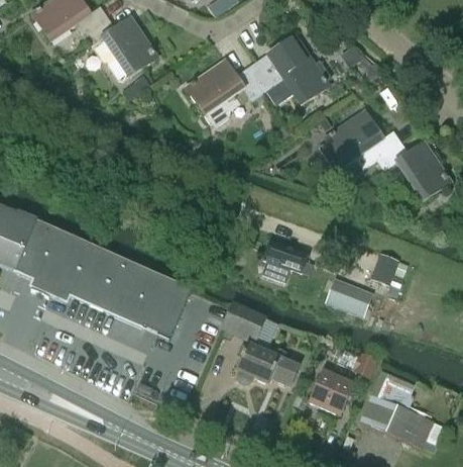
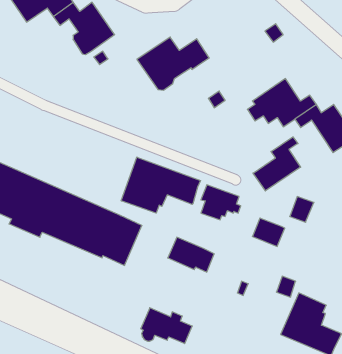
building: [257,35,332,105] -> none
building: none -> [253,137,301,191]
building: none -> [121,157,200,213]
building: [236,342,299,385] -> [141,308,192,344]
building: [309,369,352,412] -> none

